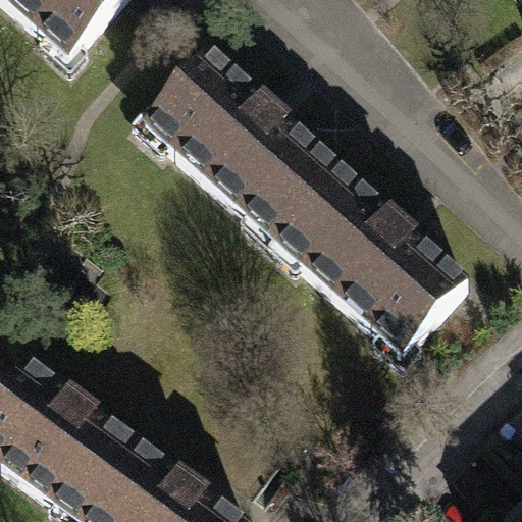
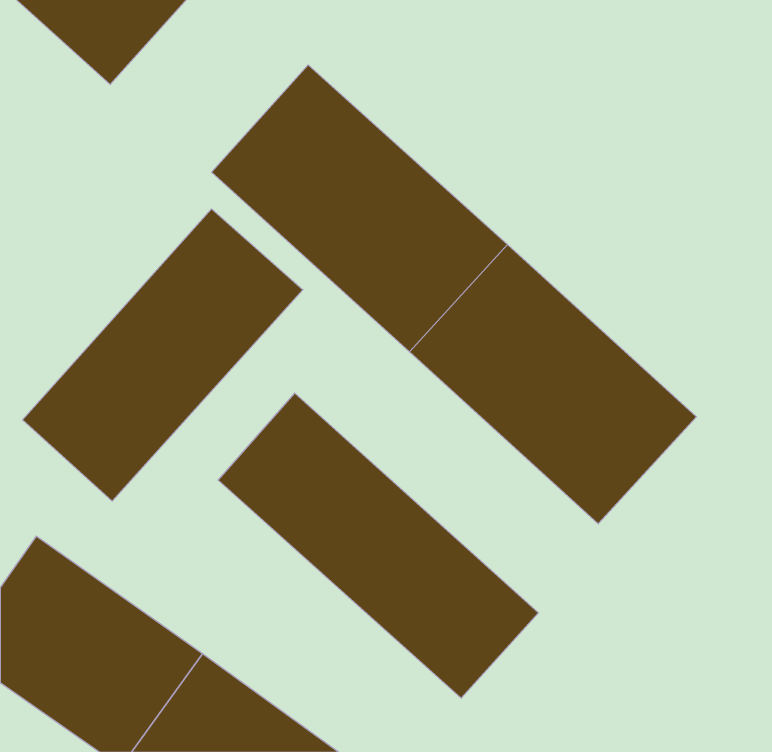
building: none -> [22,209,303,501]
building: none -> [218,393,538,698]

